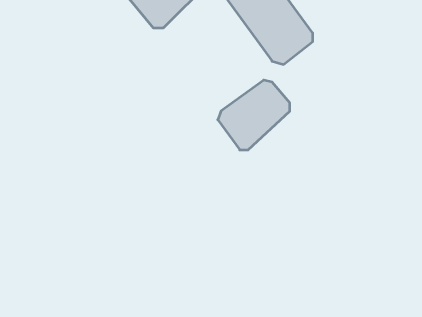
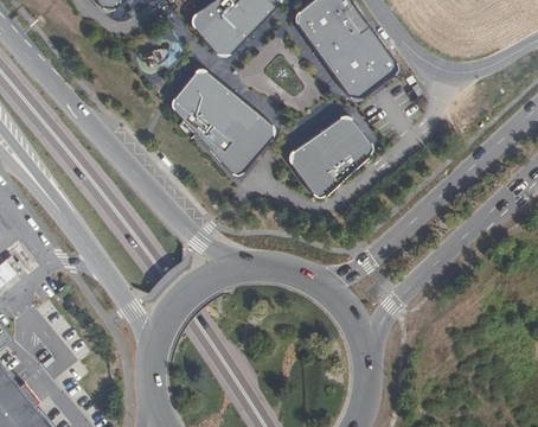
building: none -> [171,70,271,173]

